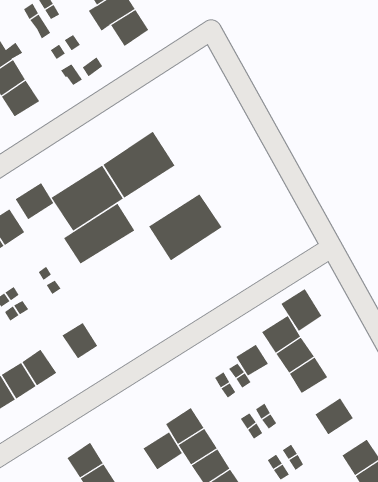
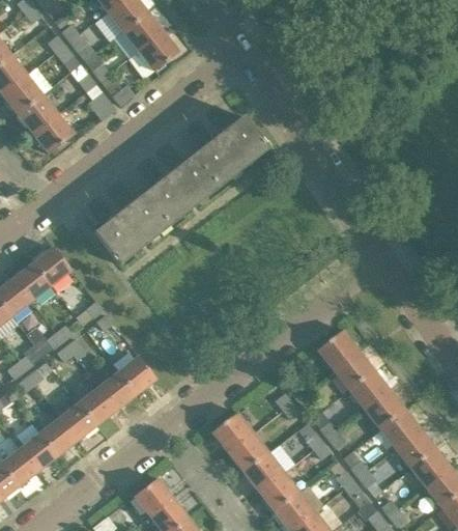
building: [15,182,54,220] -> none
building: [148,194,222,261] -> [191,116,266,188]
building: [63,203,135,265] -> none
building: [280,288,322,332] -> none
building: none -> [96,371,135,410]
building: [236,344,269,376] -> none
building: none -> [366,389,406,428]
building: none -> [397,428,437,468]
building: [142,431,183,470] -> [213,412,255,452]

